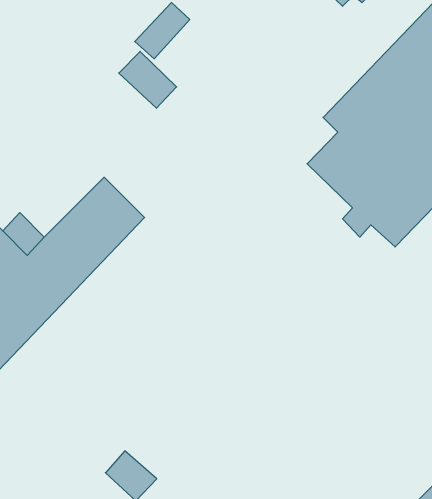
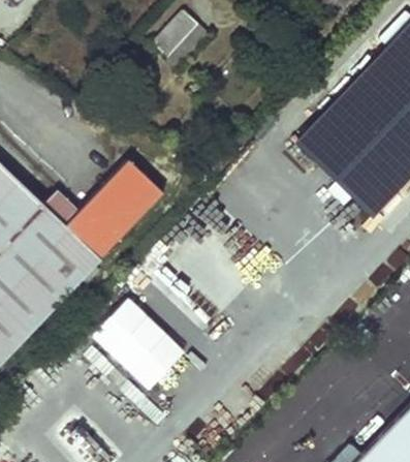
building: [119,51,177,108] -> none
building: none -> [90,295,188,393]

